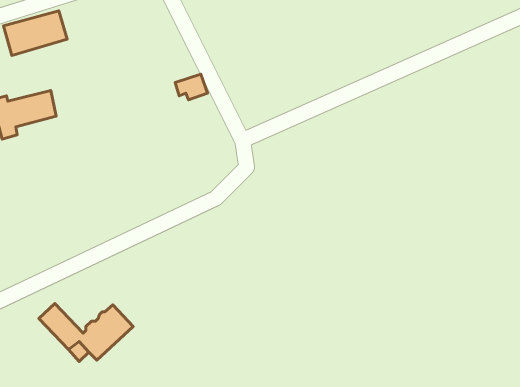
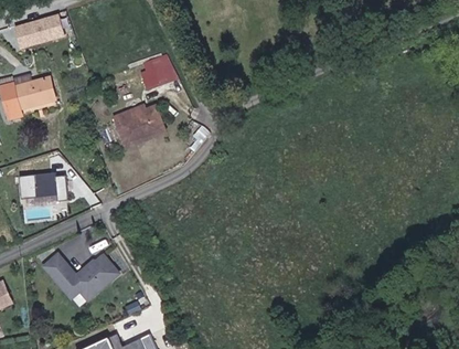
building: none -> [116,105,164,146]
building: none -> [18,173,66,201]

